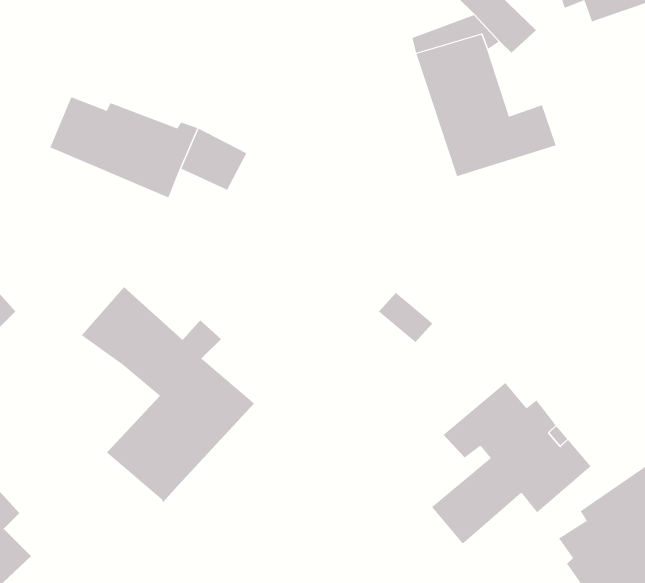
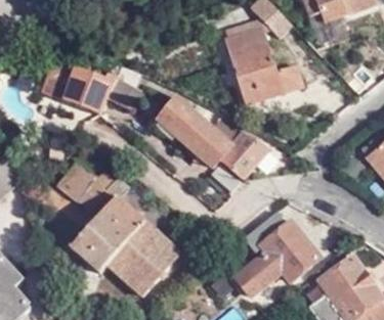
building: none -> [160,100,269,179]
building: none -> [106,223,182,299]

